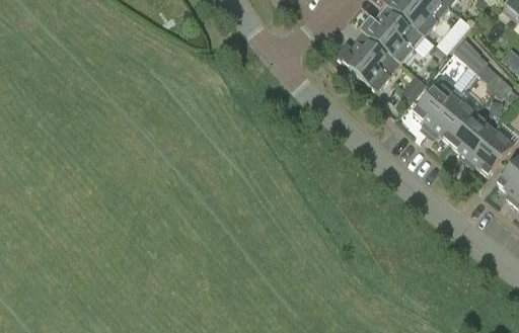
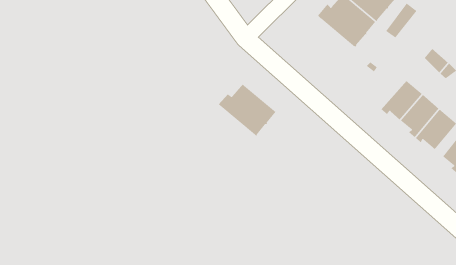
building: [336,32,400,91] -> [218,83,277,137]
building: [453,38,488,75] -> none
building: [413,77,462,132] -> none

